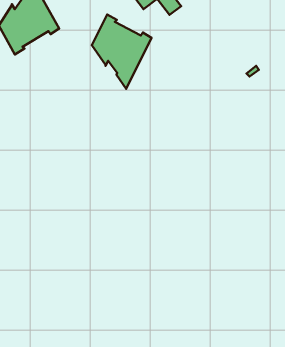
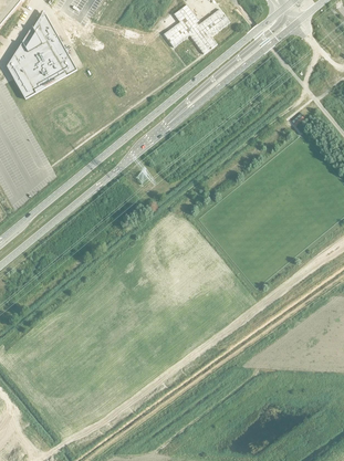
building: [92,15,152,89] -> none

